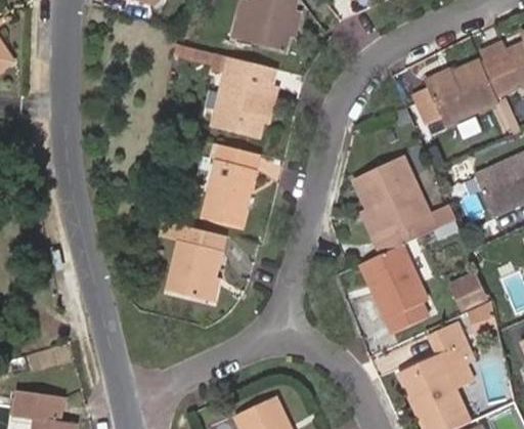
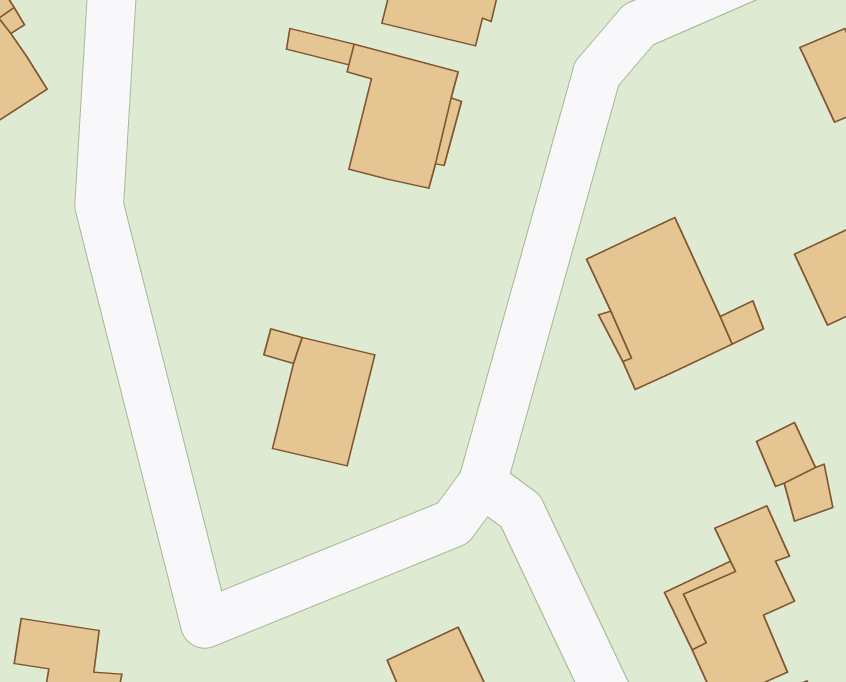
building: [411,59,499,127] -> none
building: [201,143,260,226] -> none
building: [358,245,428,333] -> none

